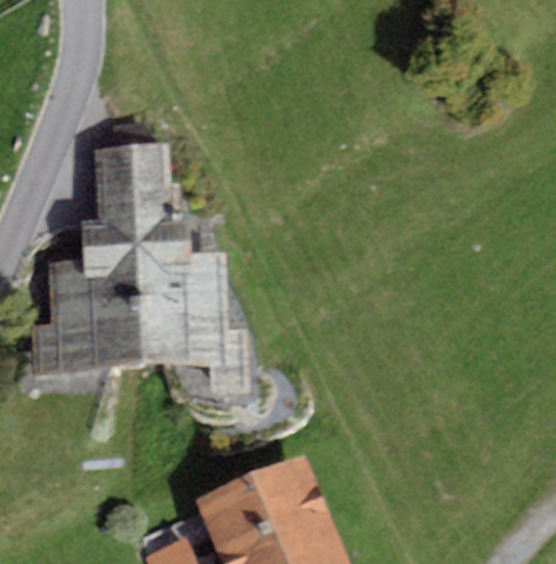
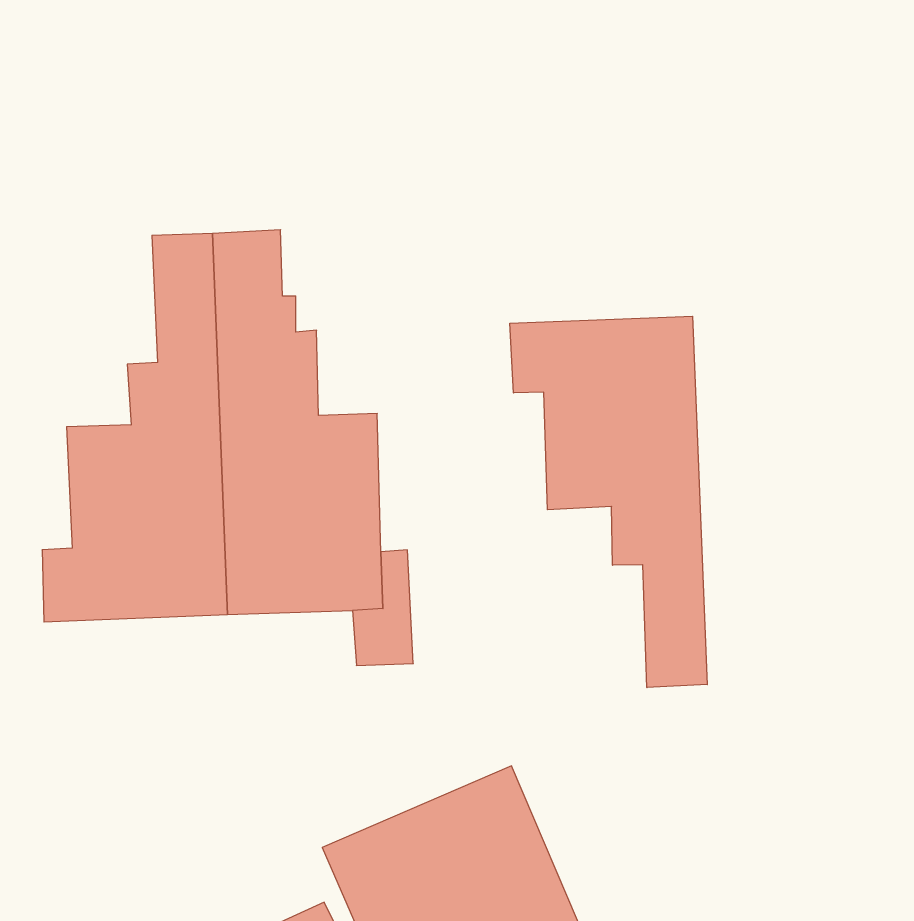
building: none -> [510,316,707,688]

